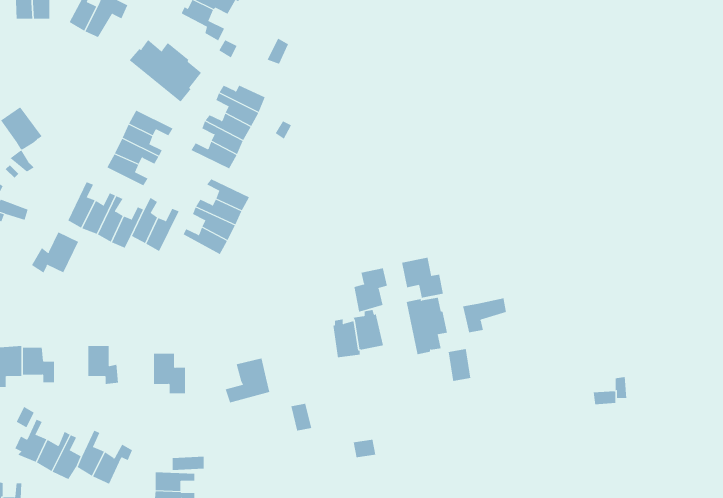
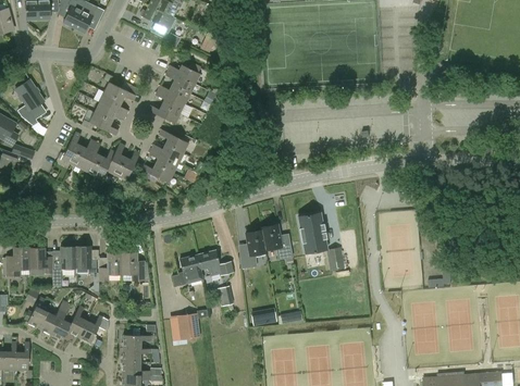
building: [129,39,202,103] -> none
building: [31,232,79,273] -> none
building: [402,257,444,299] -> none
building: [354,268,388,312] -> none
building: [463,297,506,333] -> none
building: none -> [52,246,75,276]
building: none -> [197,249,233,276]
building: none -> [98,251,121,281]
building: none -> [176,313,199,338]

